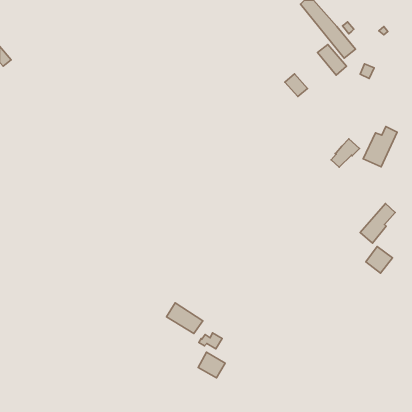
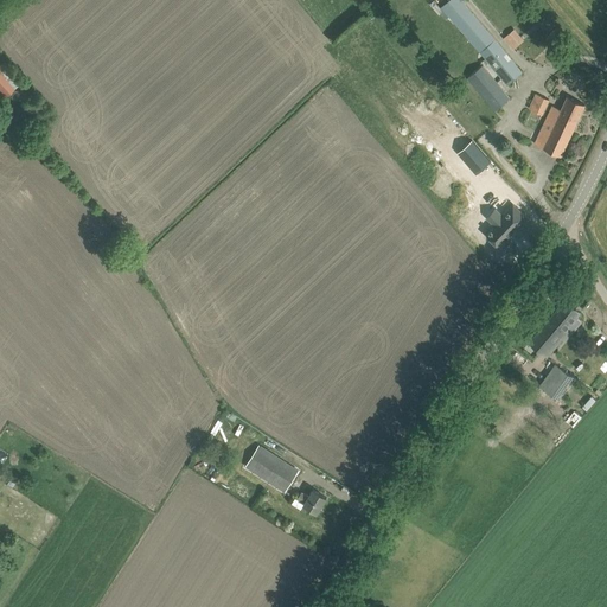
building: [285,74,308,97] -> [456,141,490,174]
building: [363,126,397,167] -> [533,97,583,156]
building: [198,352,225,378] -> none

